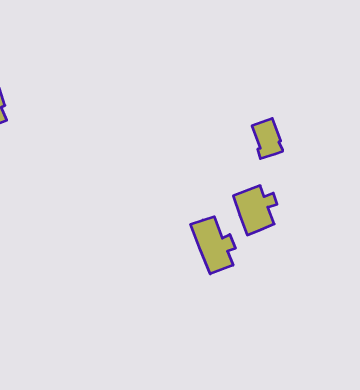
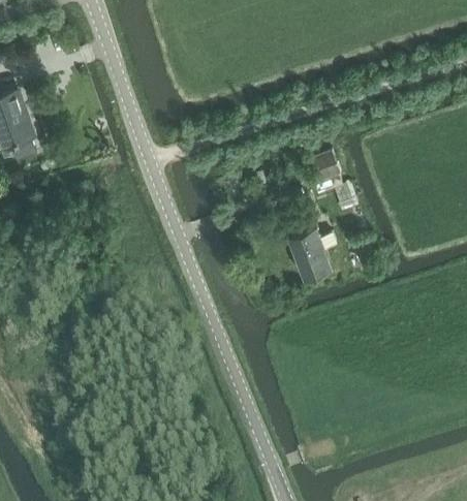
building: [191,217,235,274] -> none

